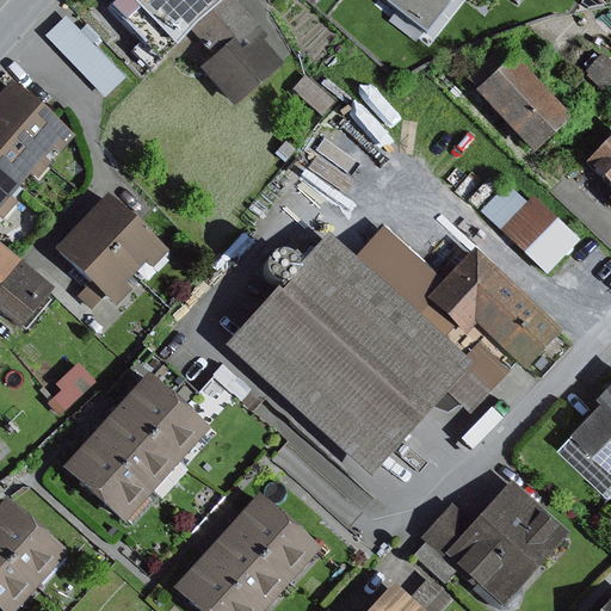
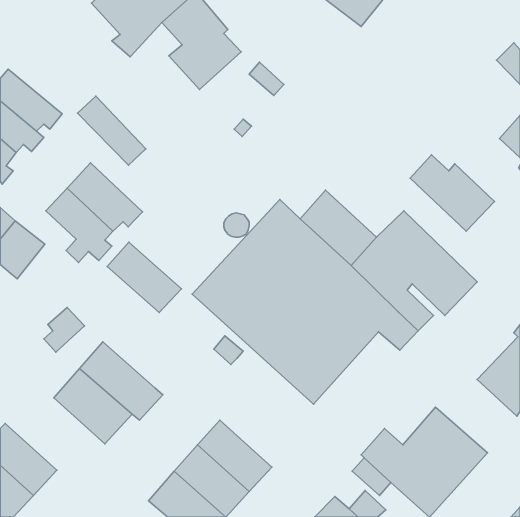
building: [45,13,125,94] -> [78,96,146,165]
building: [475,54,570,150] -> none
building: [121,372,208,455] -> [107,242,182,312]

